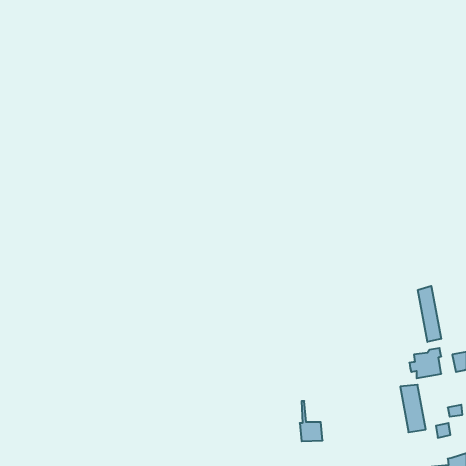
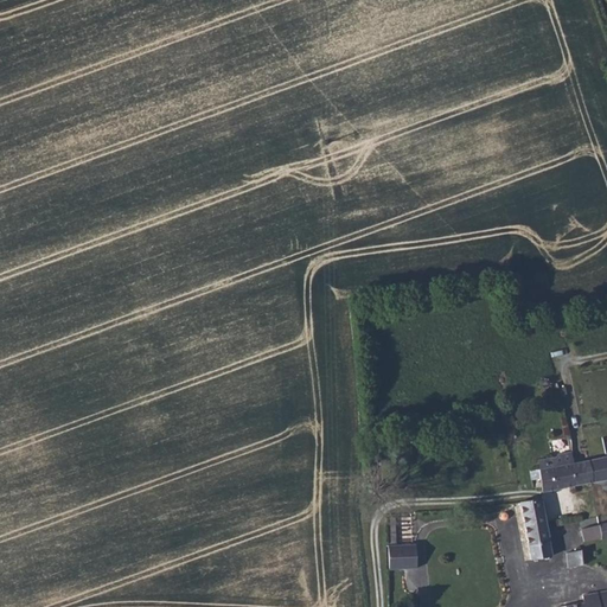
building: [418,286,441,342] -> none

